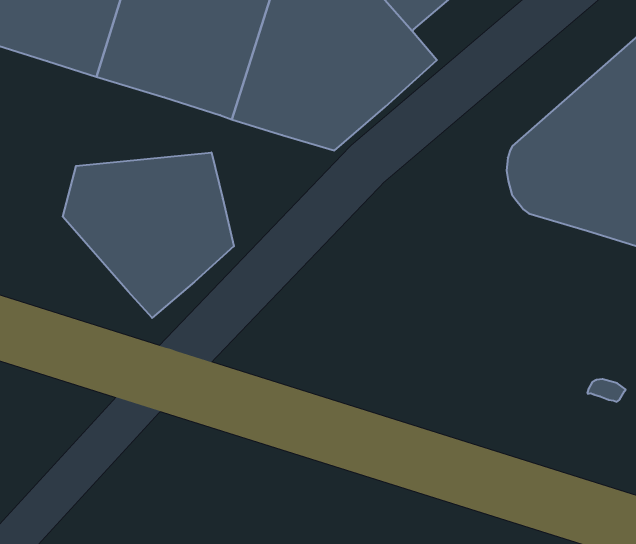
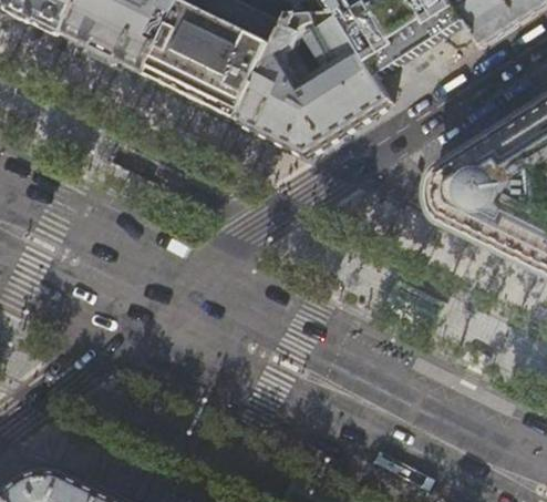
building: [63,152,234,318] -> none

